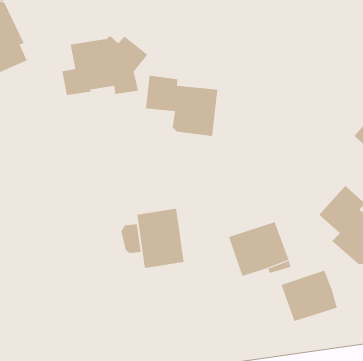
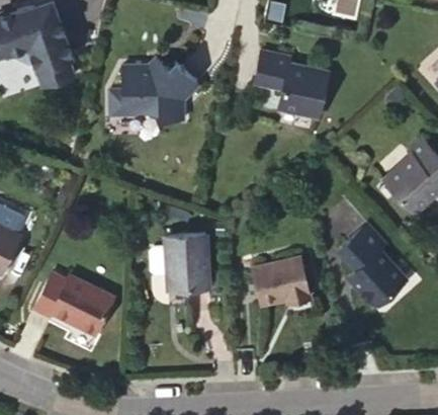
building: [145,75,218,136] -> [251,50,325,116]
building: none -> [33,274,113,335]
building: [281,270,337,322] -> none

